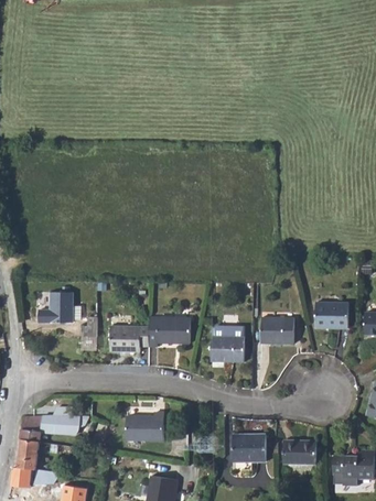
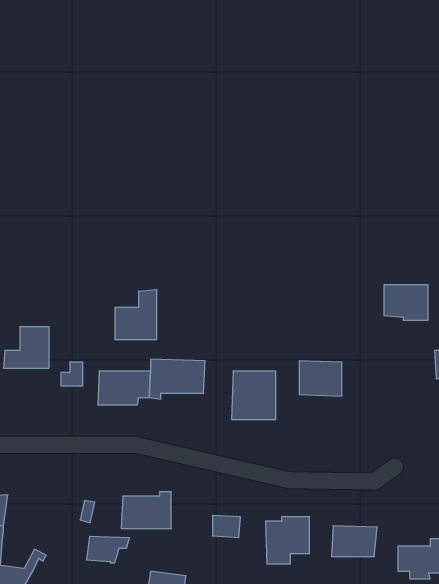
building: none -> [115,289,157,340]
building: [311,299,344,326] -> [384,285,428,320]
building: [54,417,86,437] -> [87,536,129,563]

